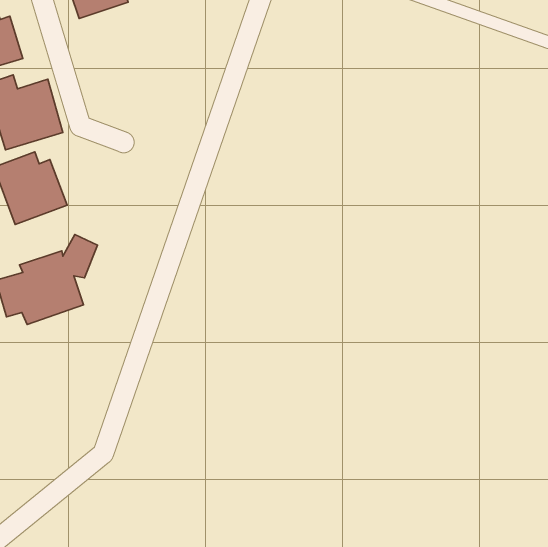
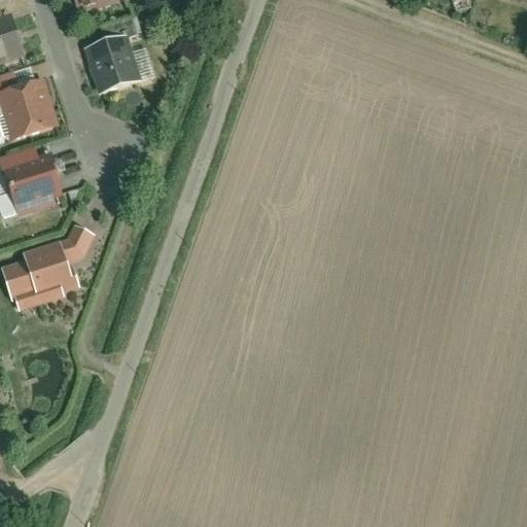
building: none -> [86,38,143,95]

